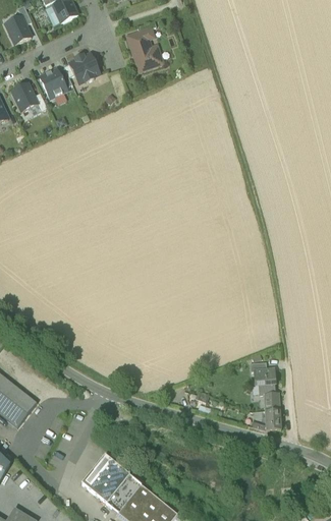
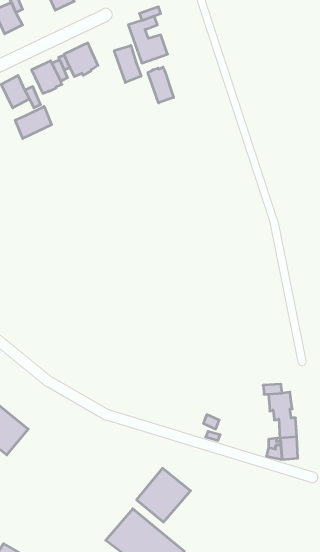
building: none -> [114,45,141,83]
building: none -> [148,67,174,103]
building: none -> [15,106,52,139]
building: [81,455,130,504] -> [137,468,191,522]

